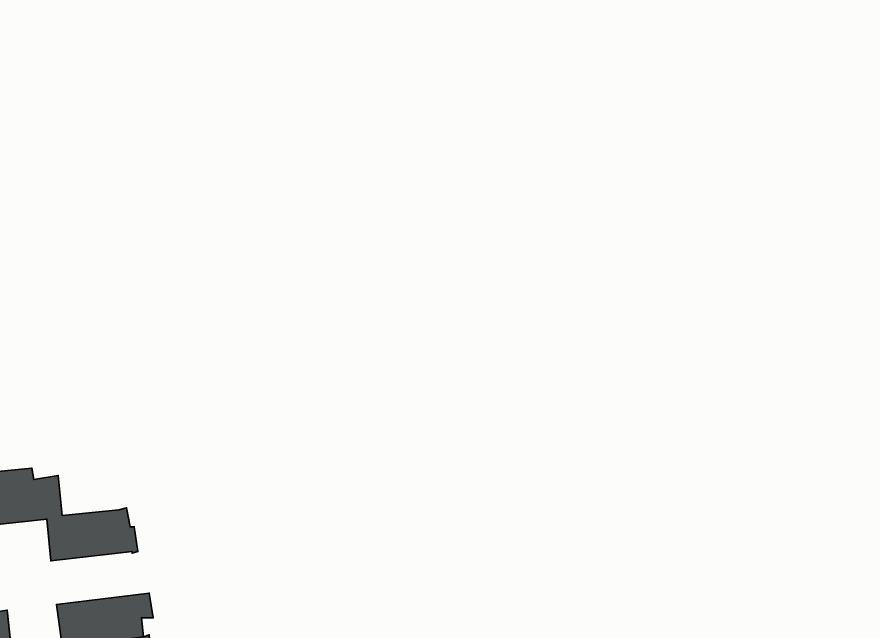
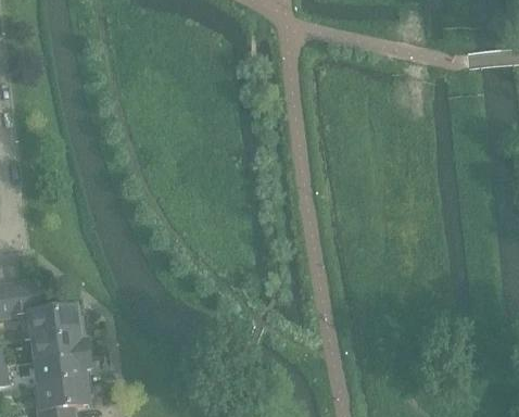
building: none -> [30,330,87,361]

